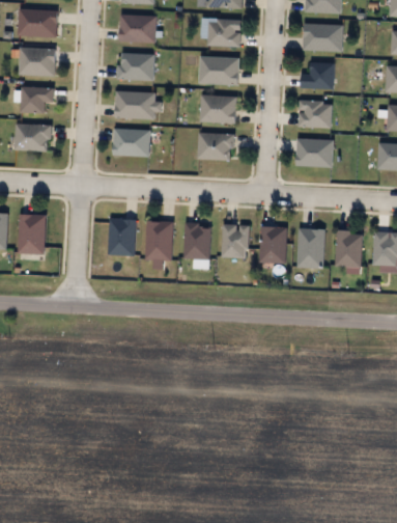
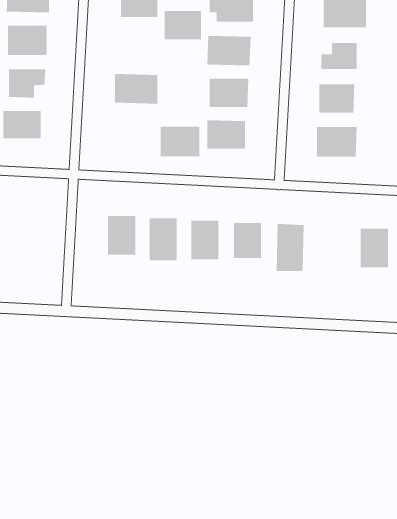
building: [118,53,152,80] -> [164,10,202,40]
building: [113,129,149,157] -> [160,126,200,157]
building: [19,215,45,253] -> none
building: [297,228,324,269] -> none

